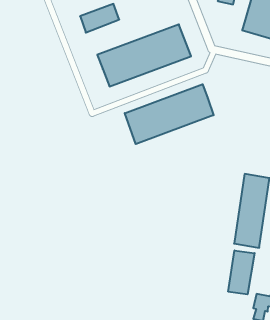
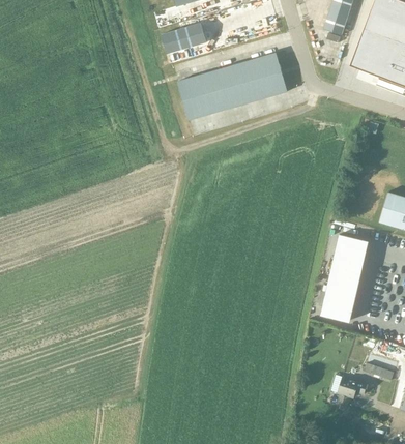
building: [125,84,214,144] -> none
building: [228,250,255,294] -> none

